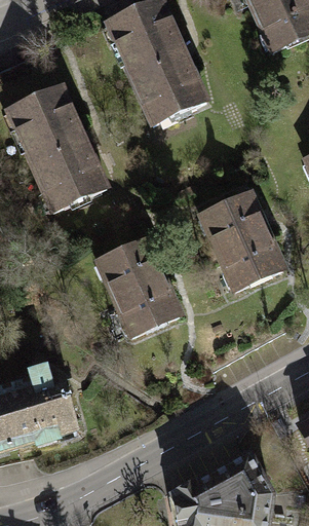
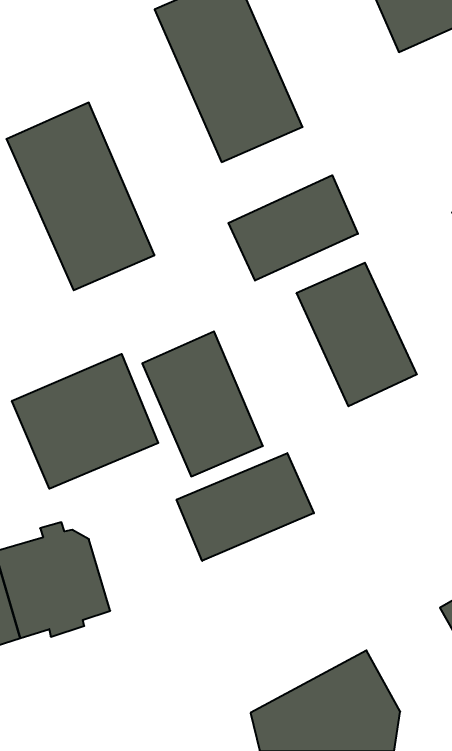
building: none -> [228,175,358,281]
building: none -> [12,354,158,489]
building: none -> [177,453,314,561]

